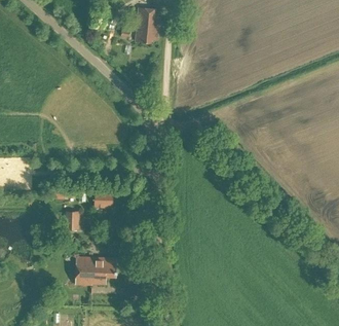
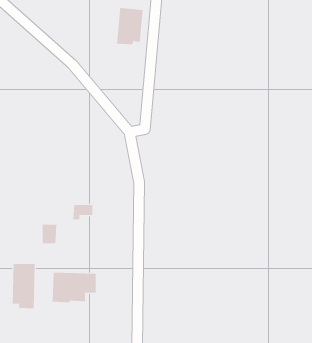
building: none -> [12,263,35,309]

